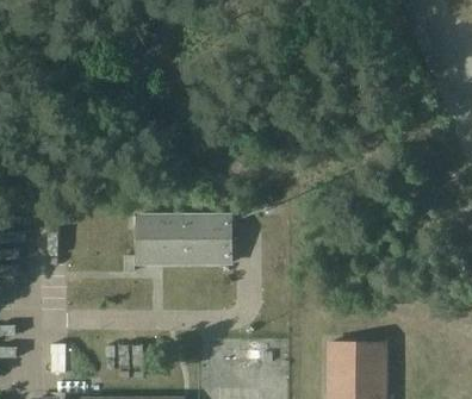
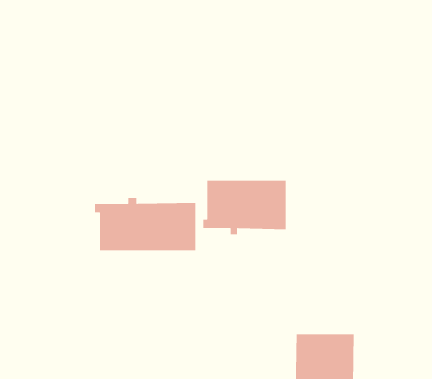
building: none -> [203,180,287,235]

